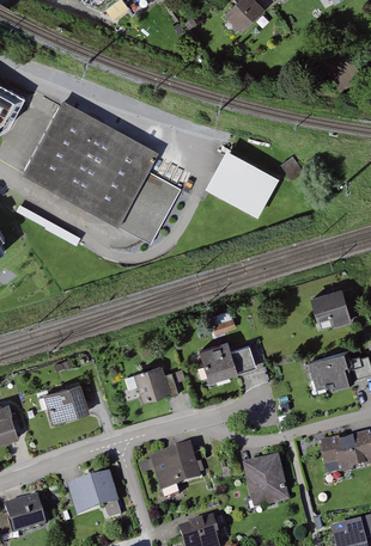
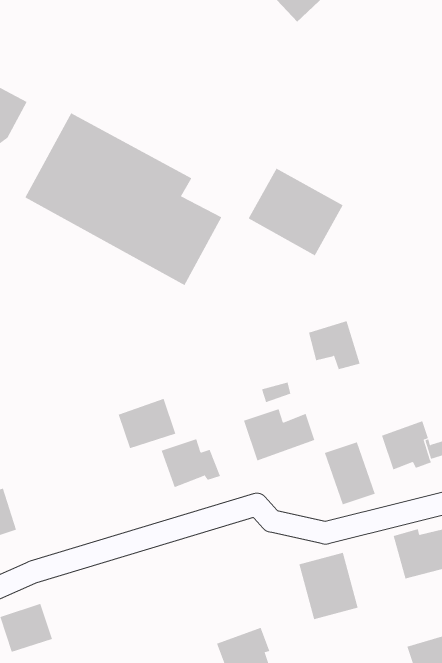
building: [309,287,351,326] -> [308,321,361,370]
building: none -> [324,442,376,505]
building: [42,382,89,423] -> [118,398,176,449]
building: [148,443,201,491] -> none
building: [66,472,117,516] -> none

